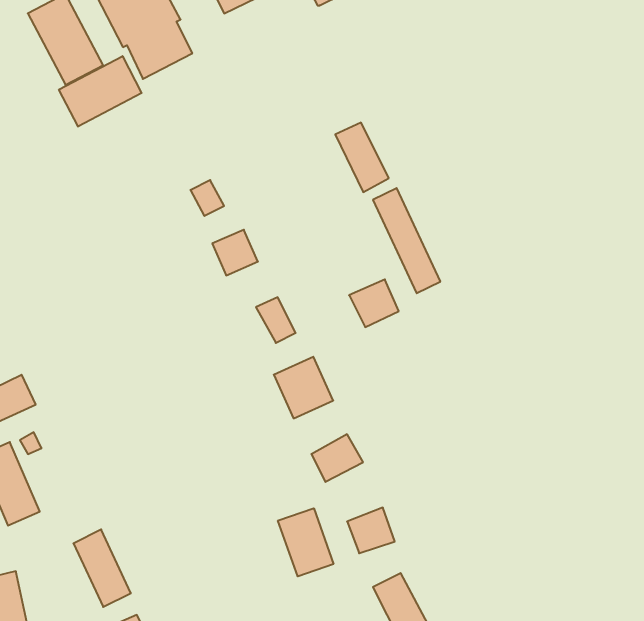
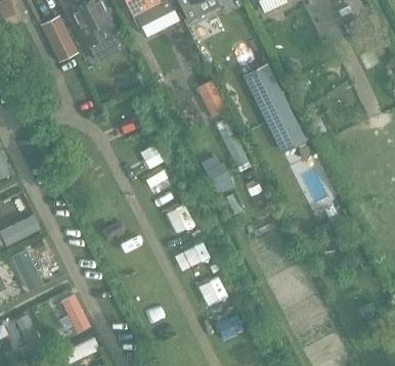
building: [59,56,142,127] -> none
building: none -> [242,64,303,151]
building: [278,508,333,576] -> none

